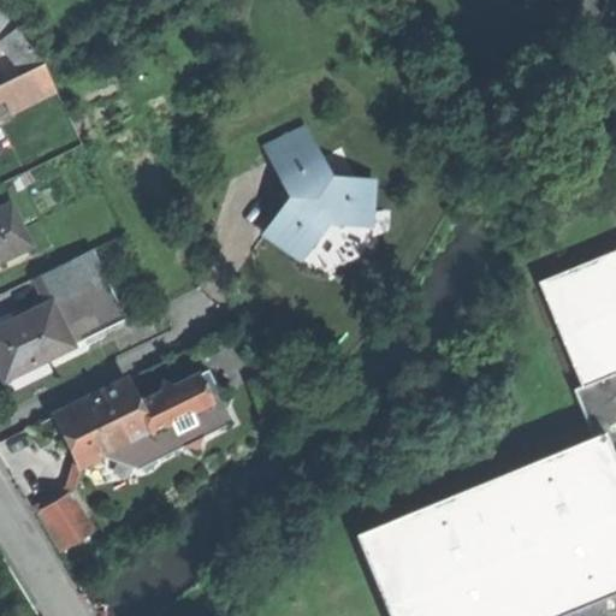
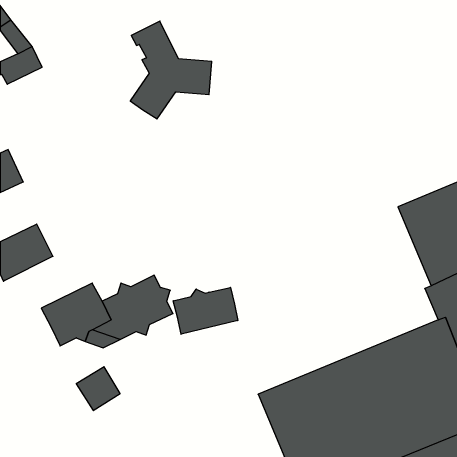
building: [266,129,375,260] -> [130,21,212,119]
building: [7,249,128,387] -> none
building: none -> [173,287,238,334]
building: [37,492,96,551] -> [76,367,120,411]

